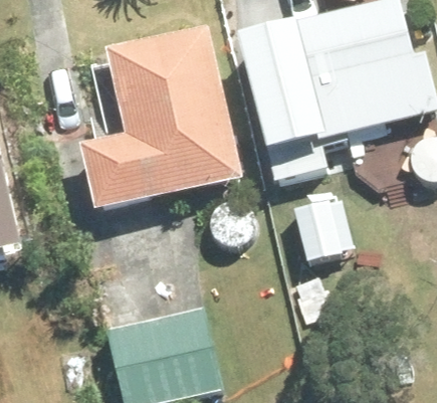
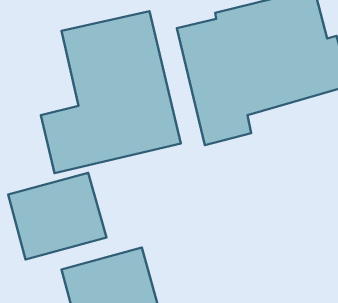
building: none -> [8,173,107,260]

